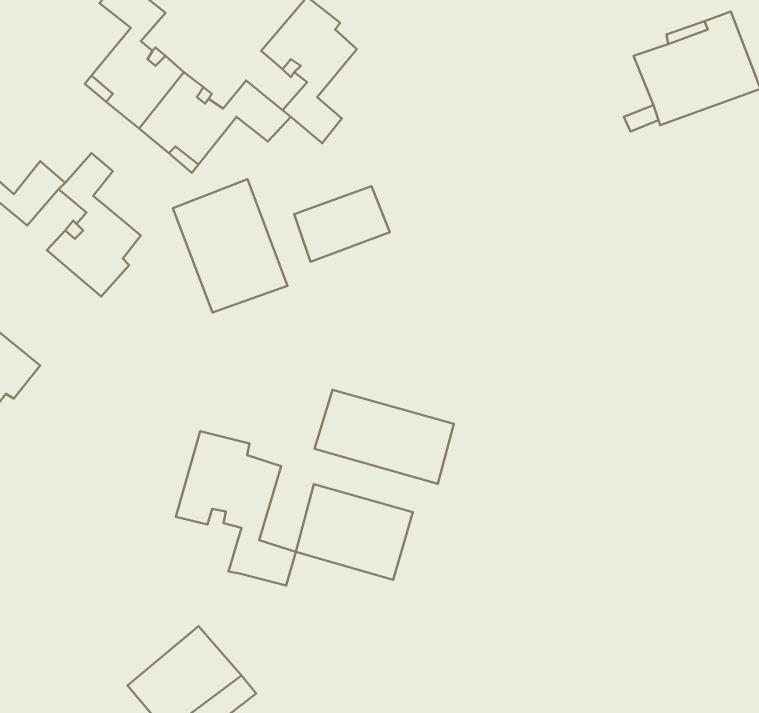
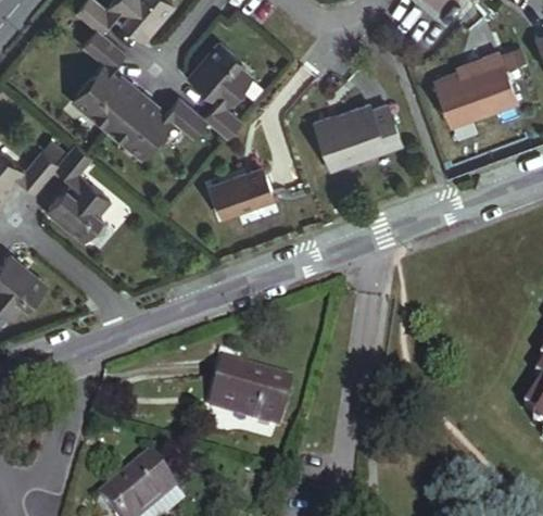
building: none -> [313,104,402,169]
building: [173,179,287,313] -> none
building: [315,390,454,484] -> none
building: [176,431,296,586] -> none

